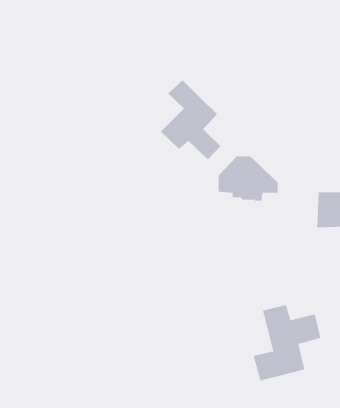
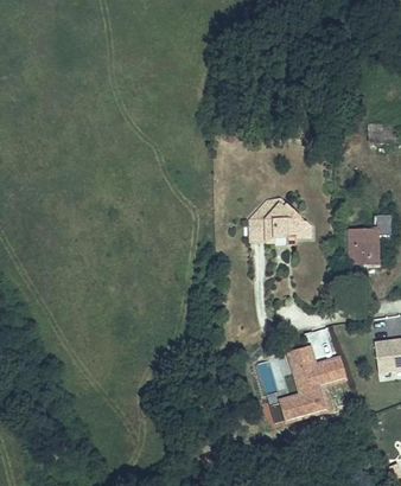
building: [160,79,221,160] -> none

